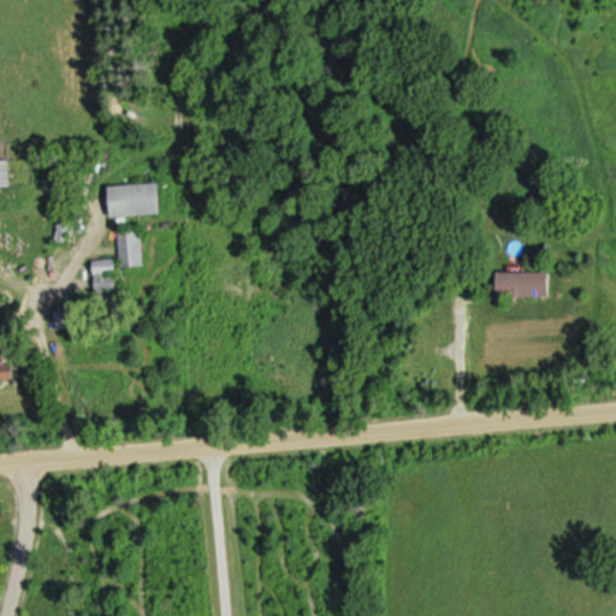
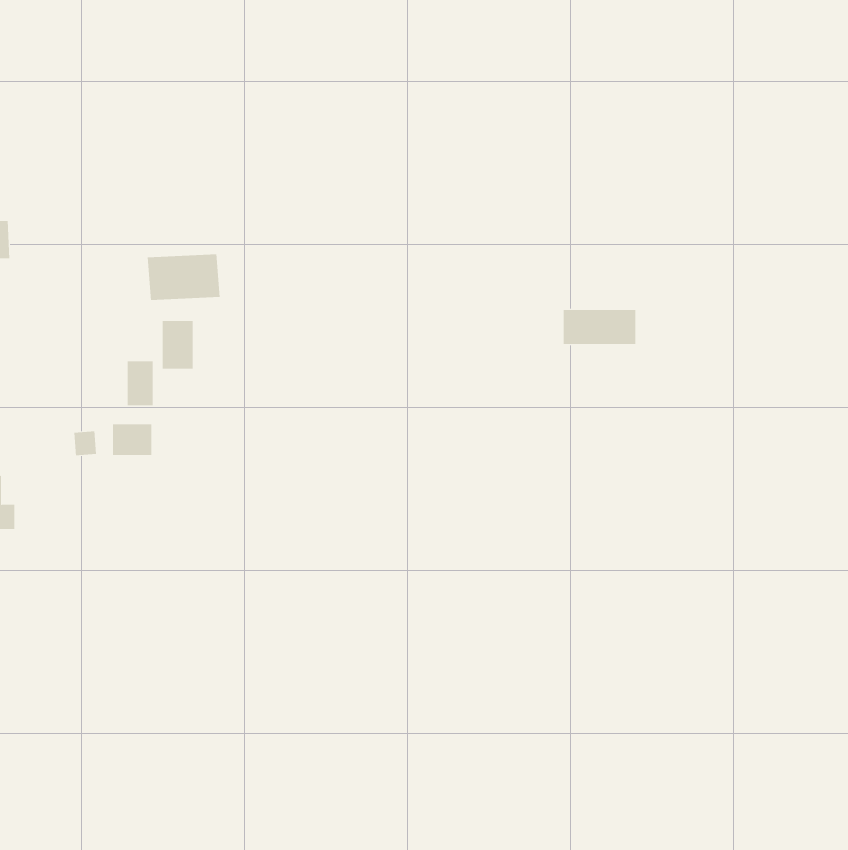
building: [493,272,546,297] -> [563,310,636,345]
building: none -> [112,424,152,456]

